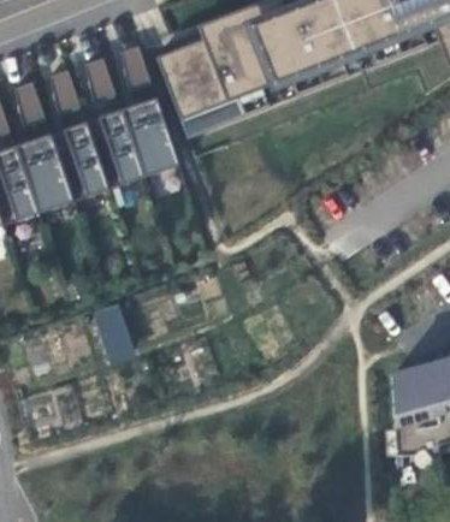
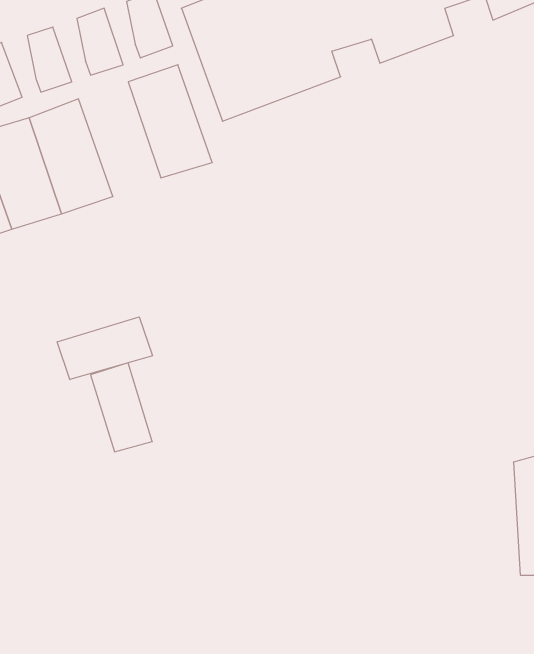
building: [84,107,142,188] -> none
building: none -> [57,317,153,380]

